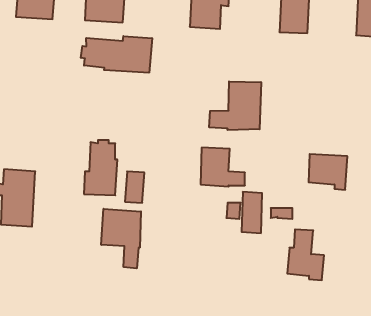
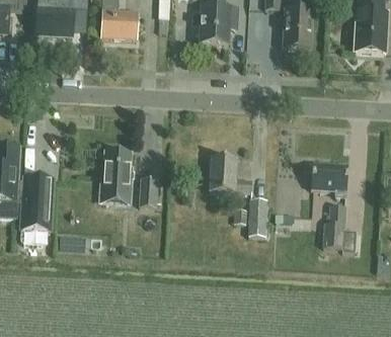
building: [81,36,152,73] -> none
building: [209,81,261,130] -> none
building: [101,209,141,268] -> none
building: [287,229,324,280] -> [322,204,357,252]

